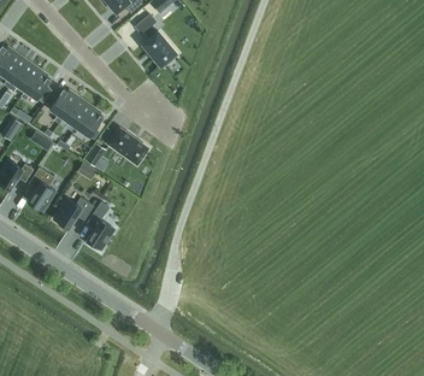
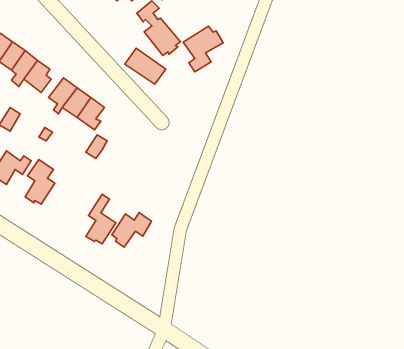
building: none -> [183,26,223,72]
building: [108,128,148,163] -> [125,48,166,84]
building: [54,196,93,230] -> [112,213,152,247]

